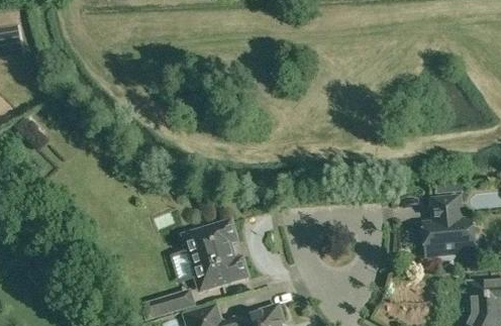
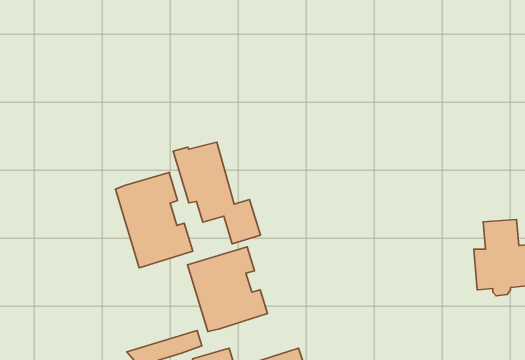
building: none -> [173,142,260,244]
building: none -> [115,173,193,268]

